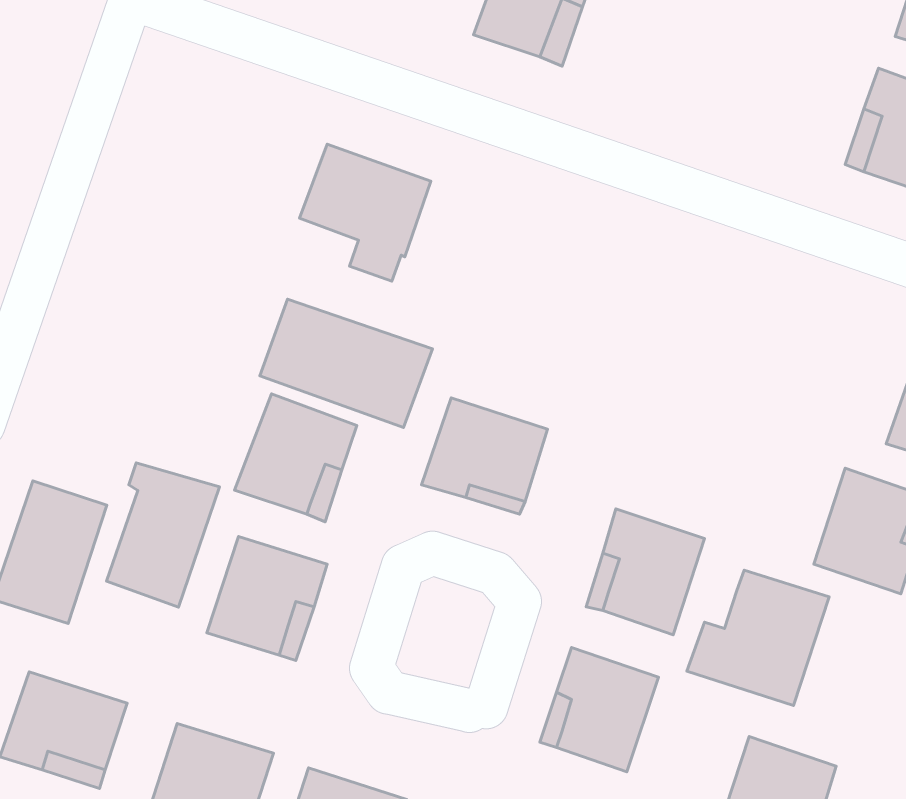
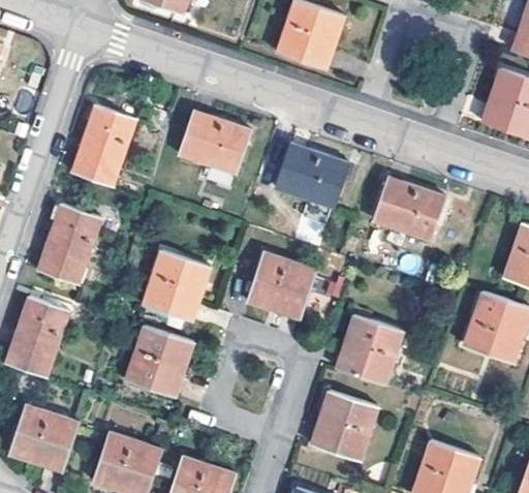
building: none -> [71,106,134,186]
building: none -> [275,143,347,206]
building: none -> [372,178,444,240]
building: [260,299,432,427] -> none
building: [106,463,219,607] -> [37,205,100,285]
building: [687,570,829,705] -> none

